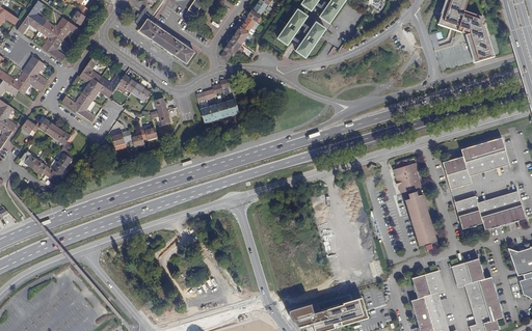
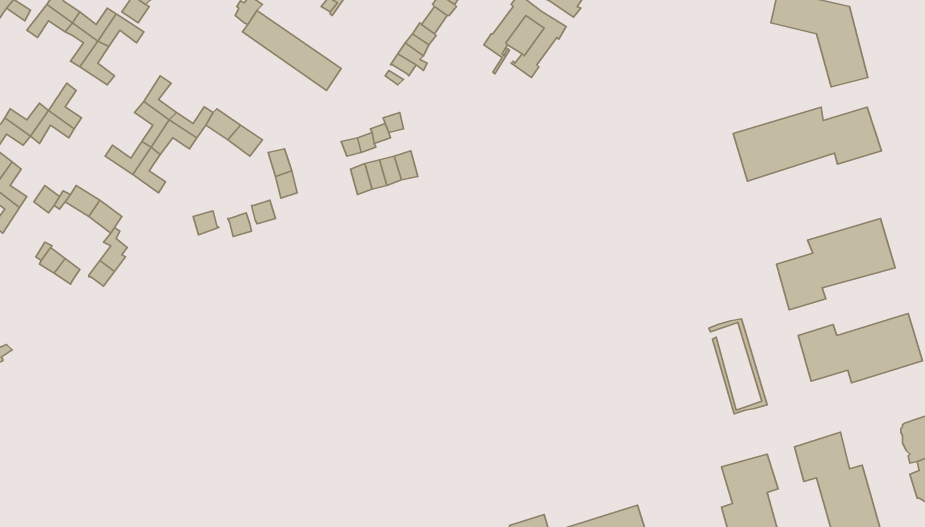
building: none -> [733,107,881,181]
building: [394,162,421,192] -> none
building: [405,195,434,245] -> none

